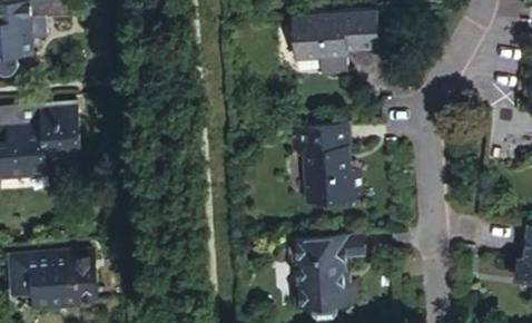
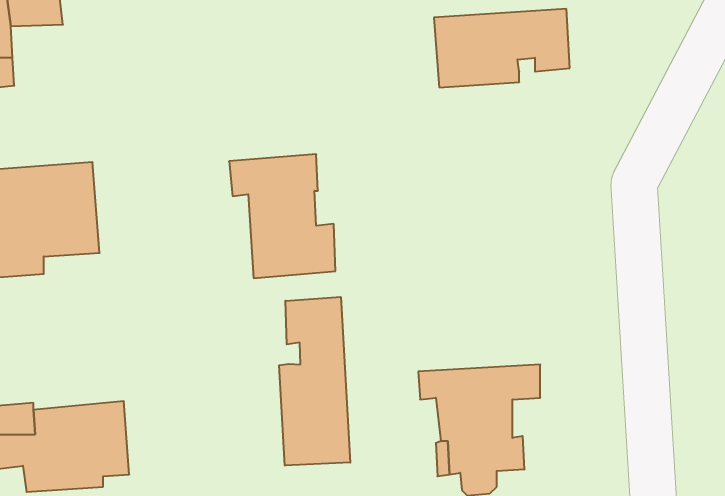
building: [294,125,362,204] -> [229,154,335,278]
building: none -> [279,297,350,466]

